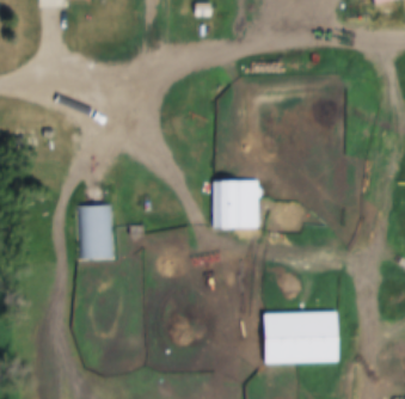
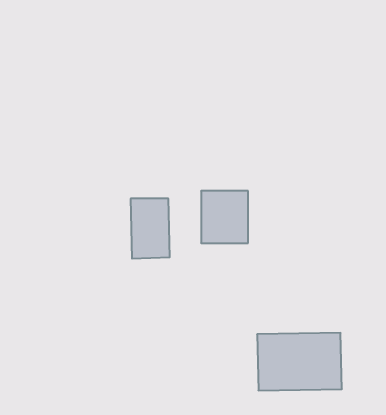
building: [72,204,108,259] -> [131,199,170,259]

